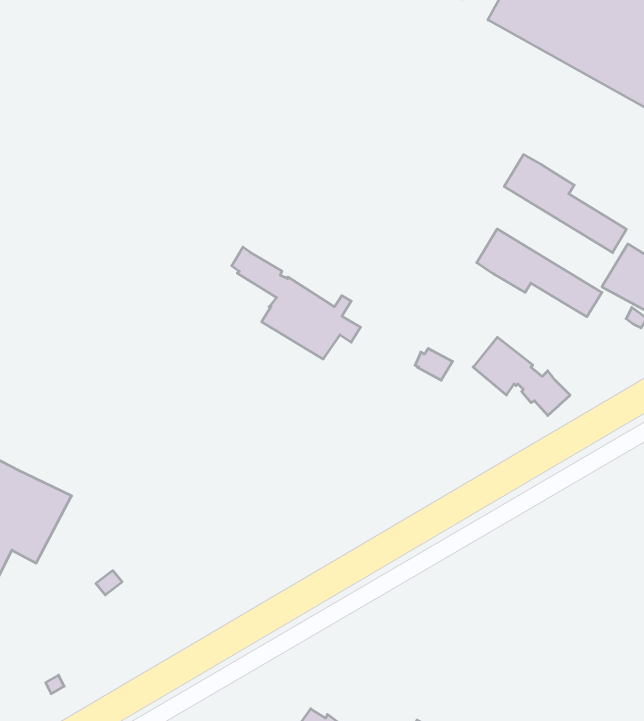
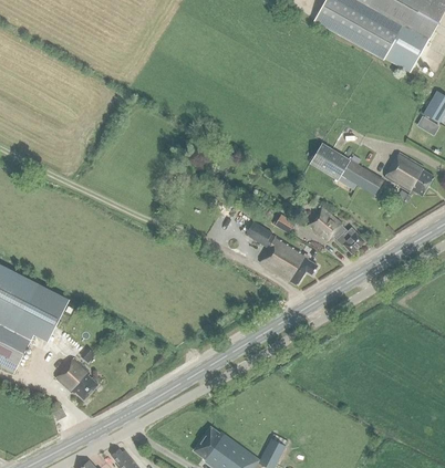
building: [504,155,626,253] -> none
building: [232,247,361,359] -> [241,218,318,284]
building: none -> [55,357,99,401]

